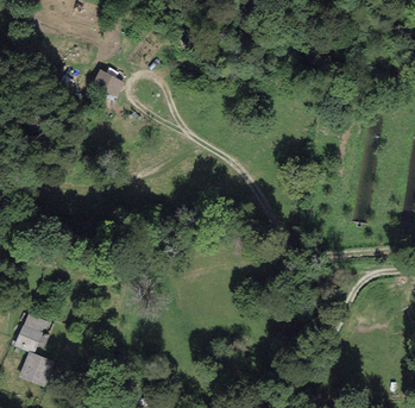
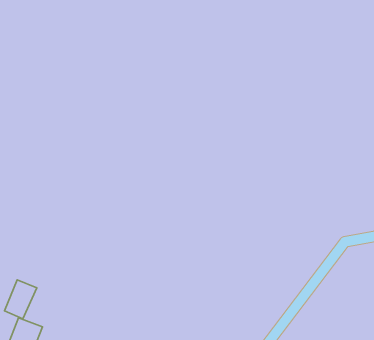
building: [92,68,125,96] -> none

